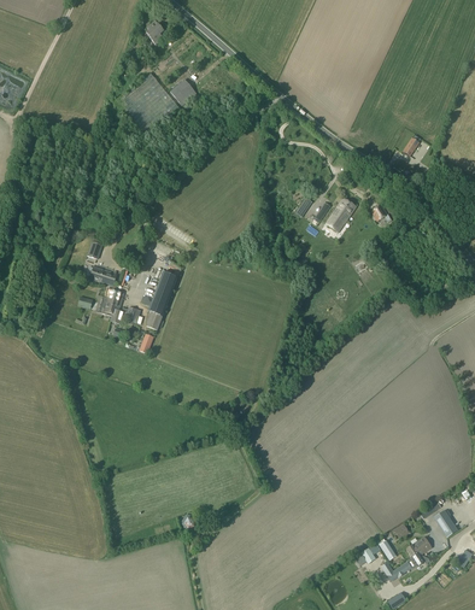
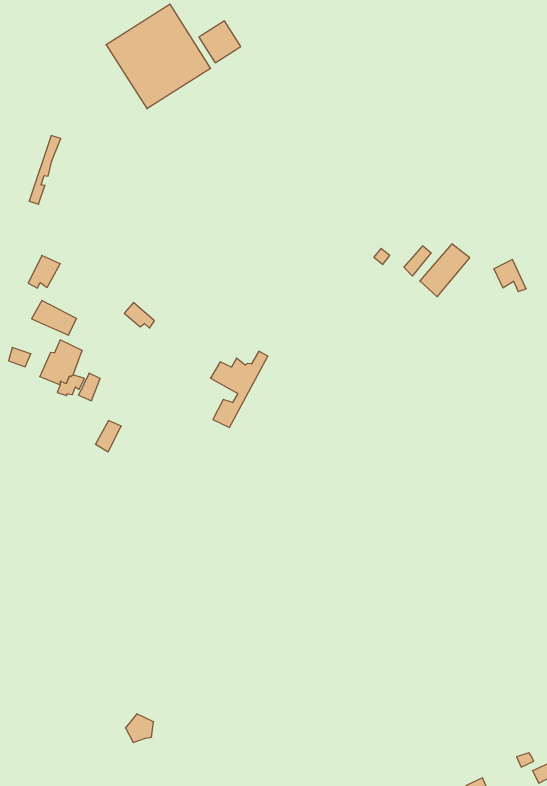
building: [141,280,175,329] -> [210,351,268,428]

